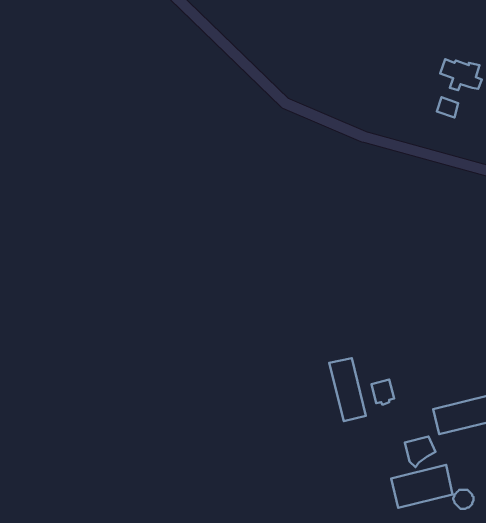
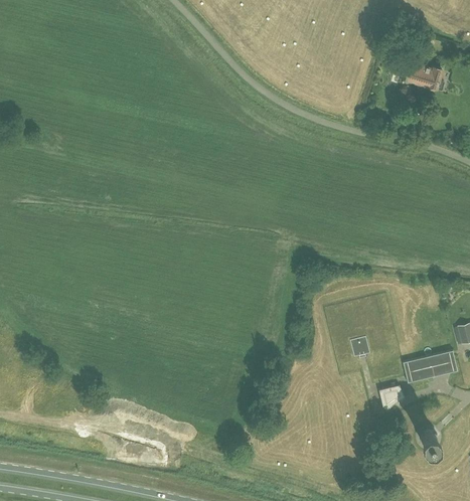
building: [329,358,366,421] -> none
building: [391,465,453,508] -> none

